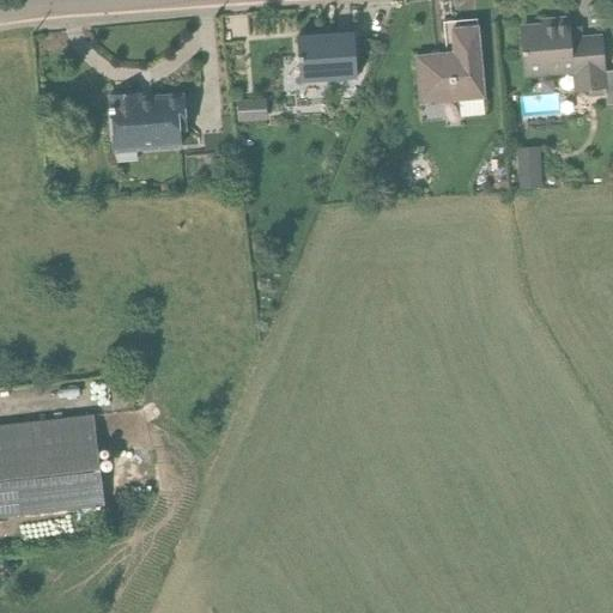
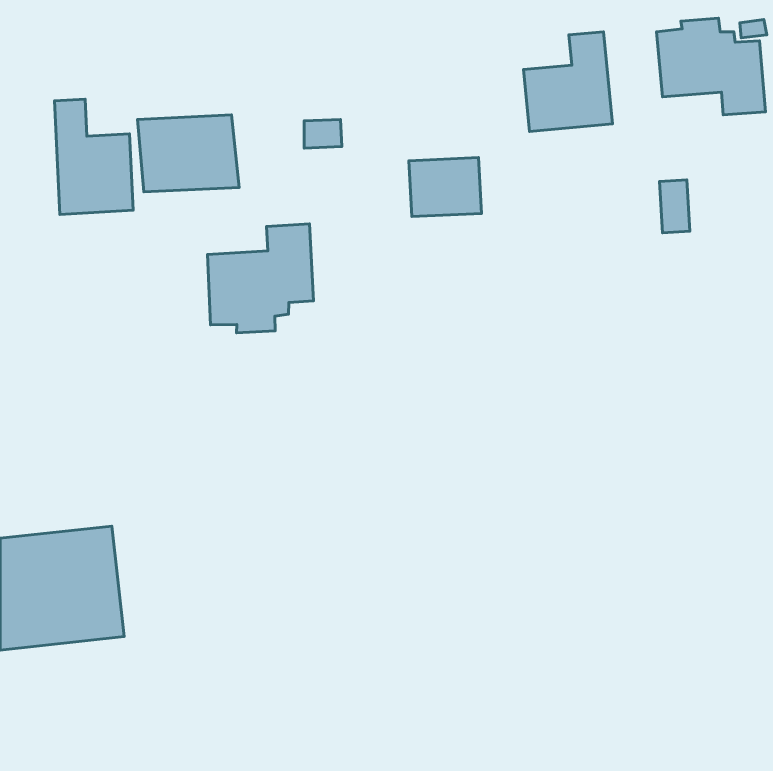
building: [296,35,353,81] -> [409,158,481,217]
building: none -> [55,99,133,214]
building: none -> [208,224,313,333]

